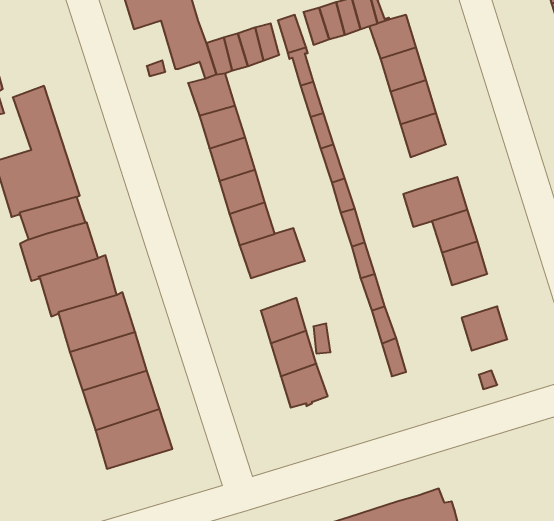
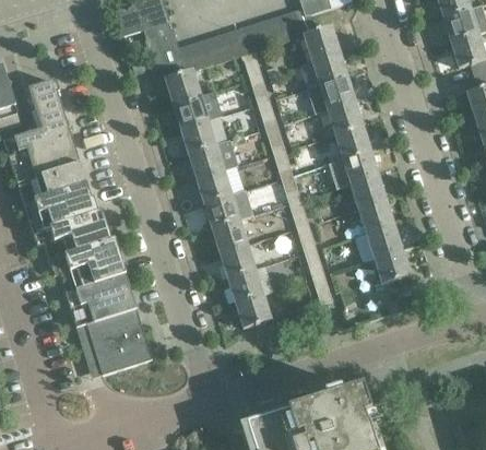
building: none -> [334,123,370,157]
building: none -> [212,217,247,251]
building: none -> [366,223,401,257]

